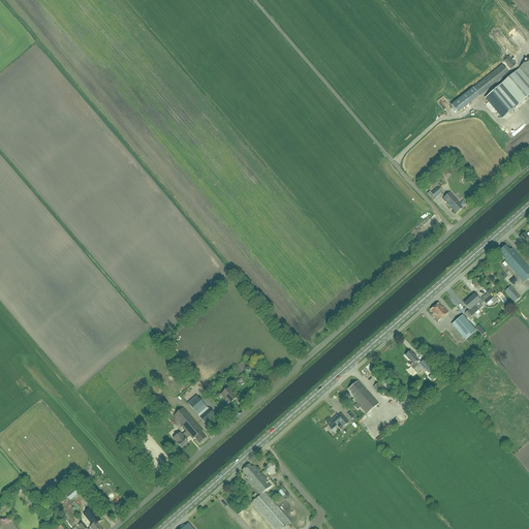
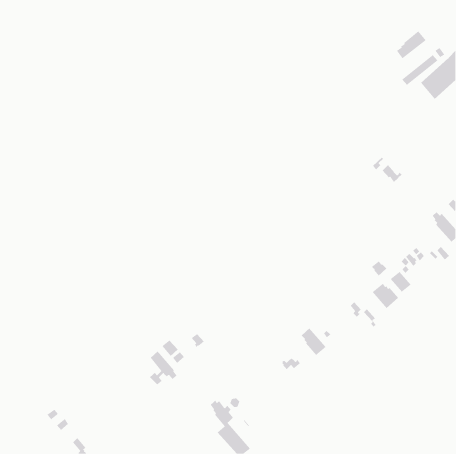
building: none -> [396,31,426,59]
building: none -> [372,283,399,309]

